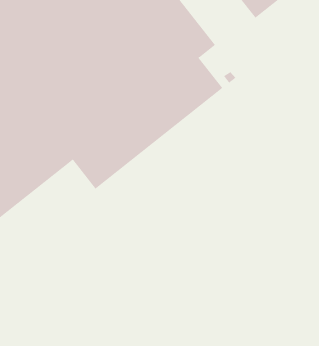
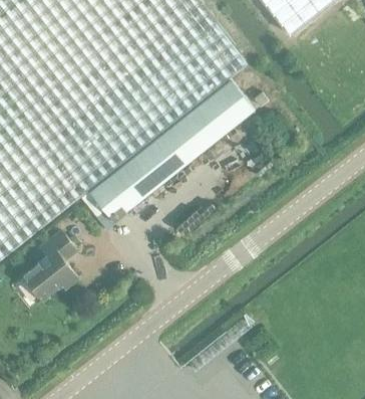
building: none -> [24,230,78,298]

